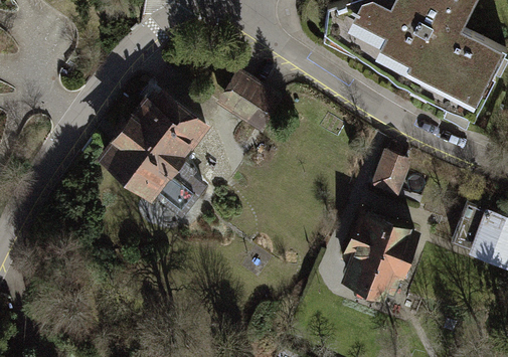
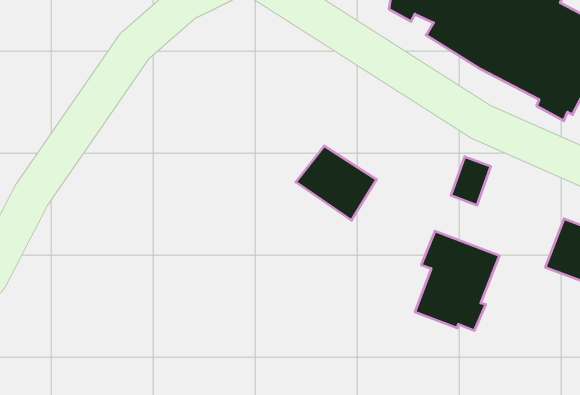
building: [216,69,282,130] -> [296,146,376,220]
building: [105,96,207,217] -> none

